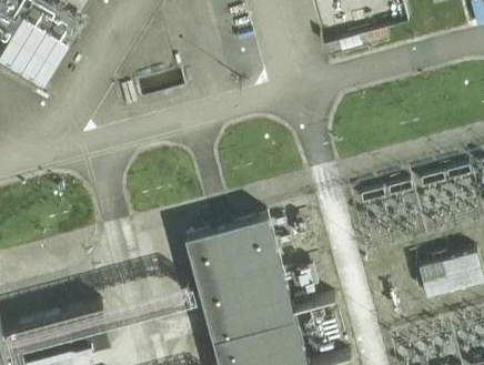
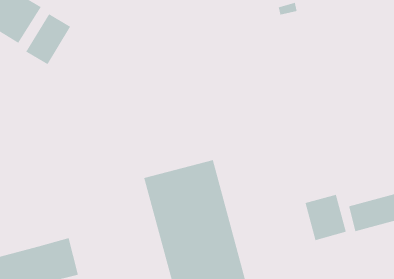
building: none -> [25,13,71,65]
building: none -> [305,194,347,241]

